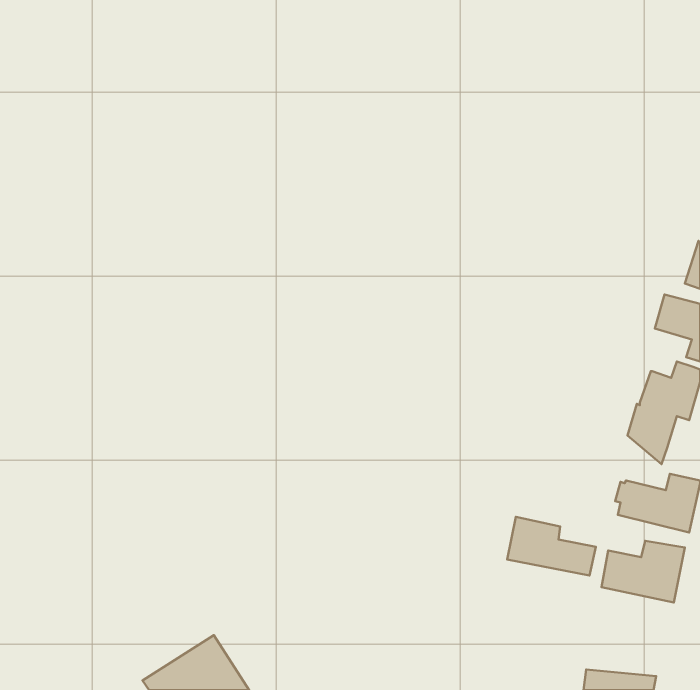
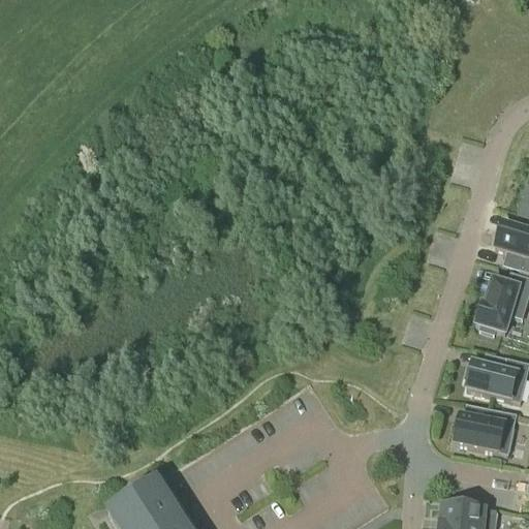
building: [507,517,596,575] -> none

